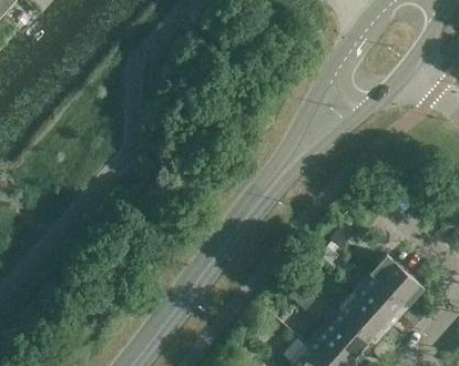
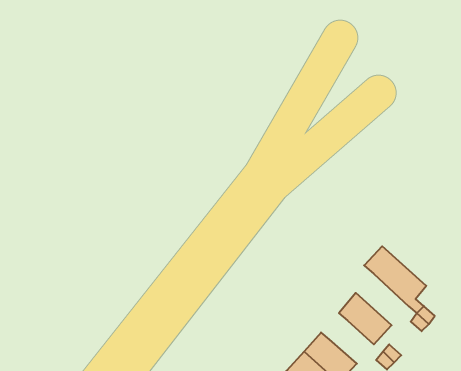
building: [354,274,402,322] -> none
building: [329,317,370,357] -> none

